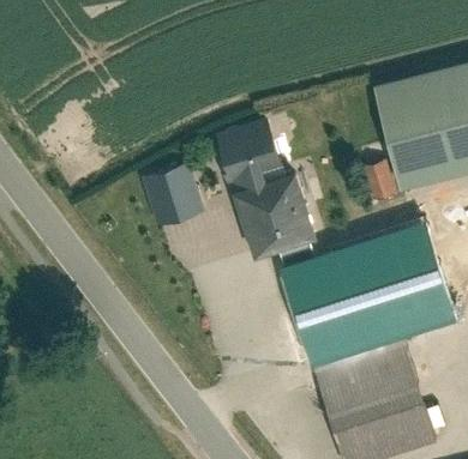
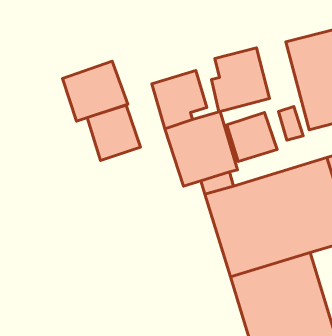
building: none -> [212,48,269,112]
building: none -> [63,61,128,121]
building: none -> [227,112,277,162]

